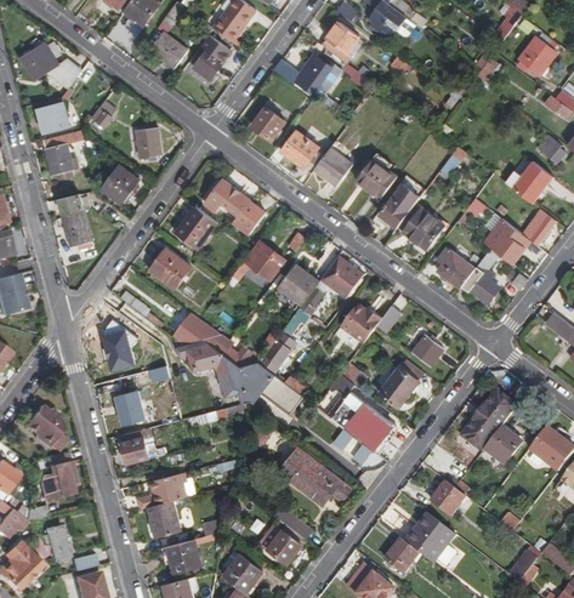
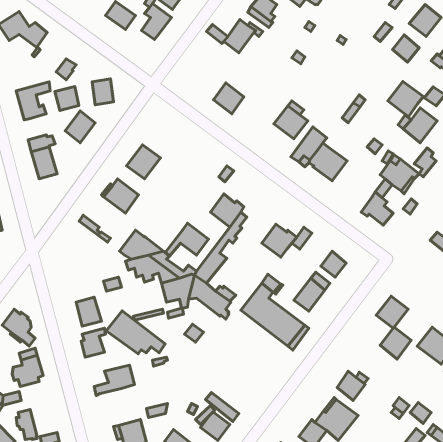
building: none -> [393,35,419,62]
building: [38,104,67,133] -> [55,87,79,111]
building: [252,108,284,141] -> none
building: none -> [388,82,423,117]
building: [314,148,352,186] -> none
building: [204,180,265,233] -> none
building: [232,240,284,280] -> [166,223,209,256]
building: [436,249,473,289] -> none
building: [320,256,365,297] -> none
building: [102,319,137,371] -> none
building: [460,412,499,451] -> none
building: [278,449,349,501] -> [106,311,165,354]
building: [144,501,178,539] -> none

